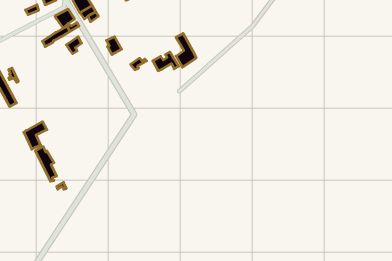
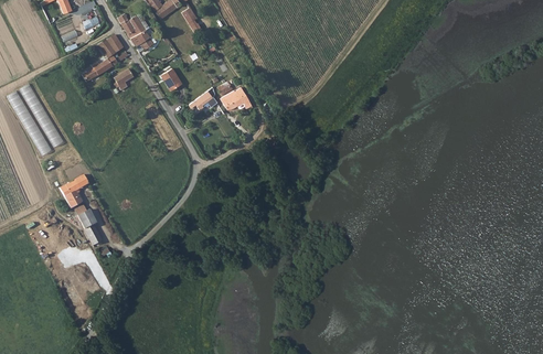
building: [176,33,196,67] -> none

